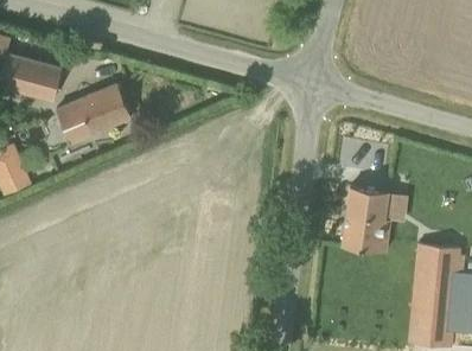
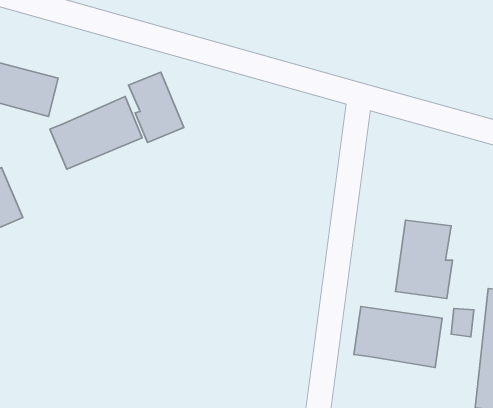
building: none -> [129,72,184,142]
building: none -> [354,307,442,367]

